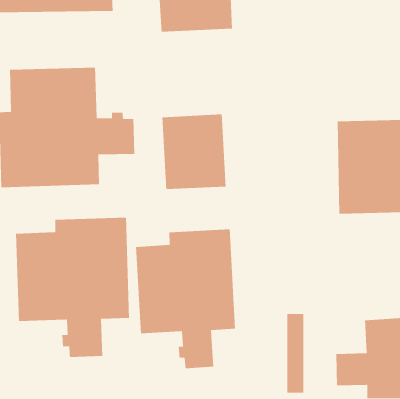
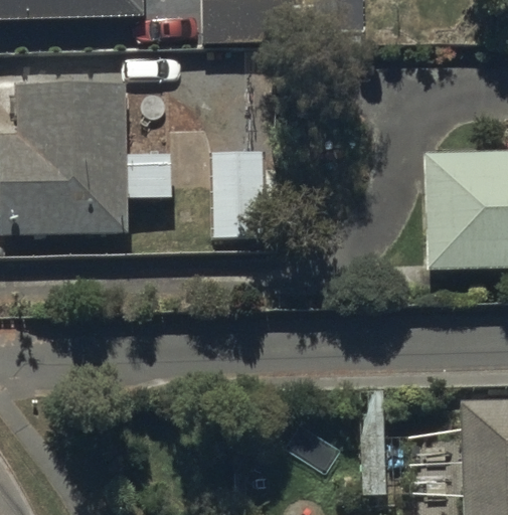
building: [15,217,130,358] -> none
building: [135,229,236,369] -> none

